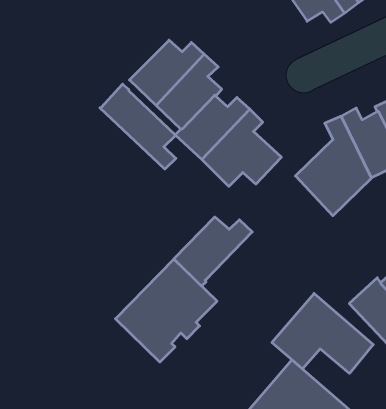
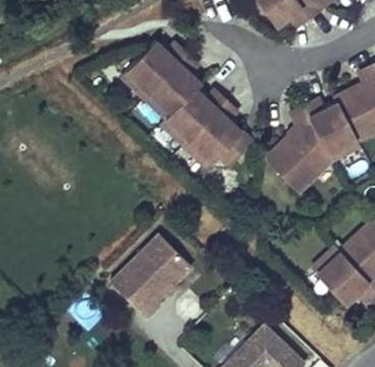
building: [100,84,176,169] -> none
building: [174,217,252,286] -> none
building: [272,293,373,373] -> none

